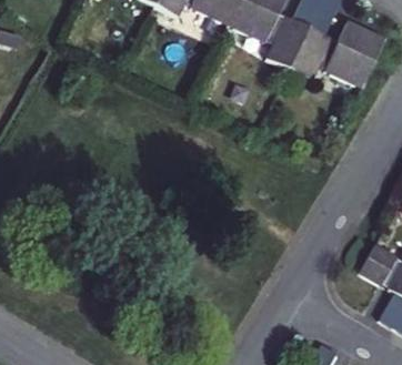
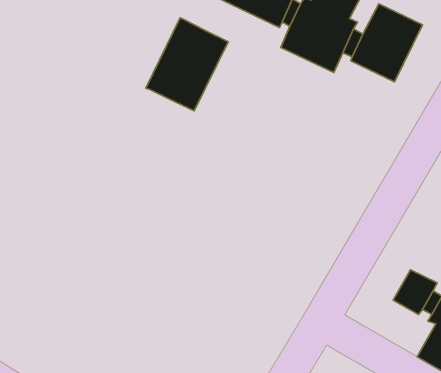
building: none -> [146,18,228,111]

